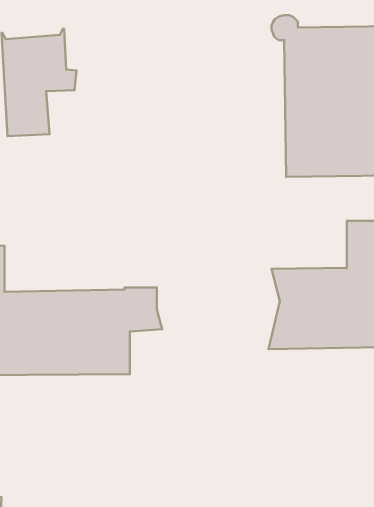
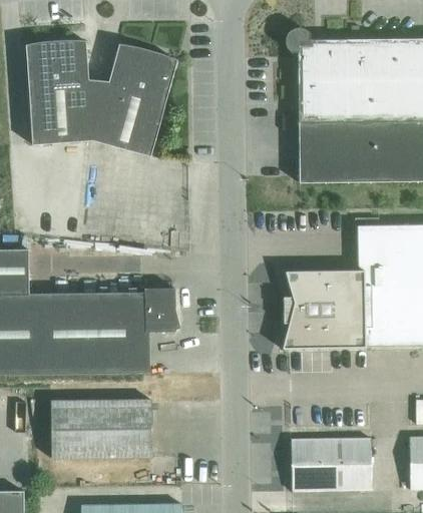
building: none -> [68,44,176,156]
building: none -> [50,400,151,458]
building: none -> [290,438,371,491]

